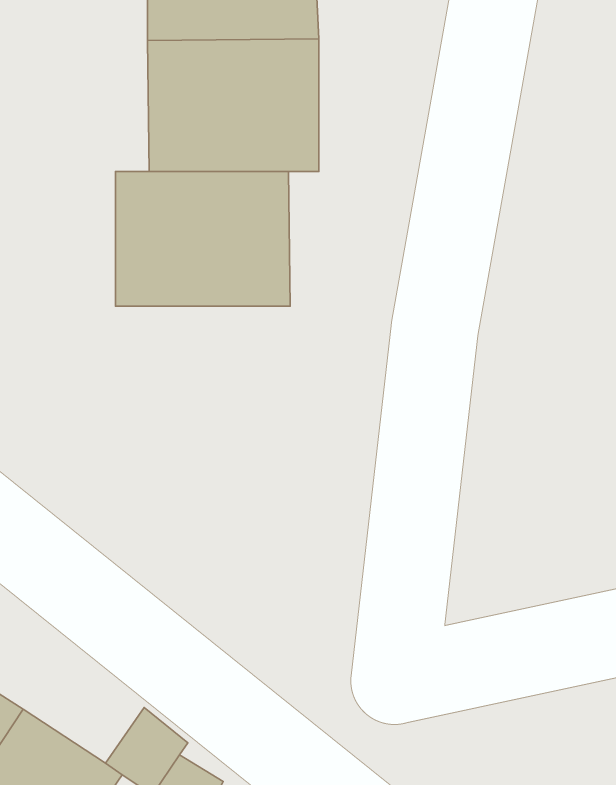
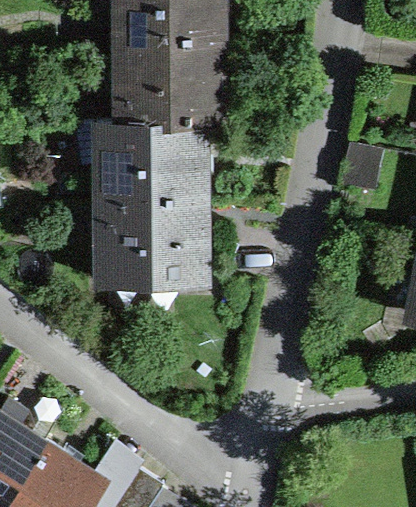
building: none -> [101,202,205,283]

